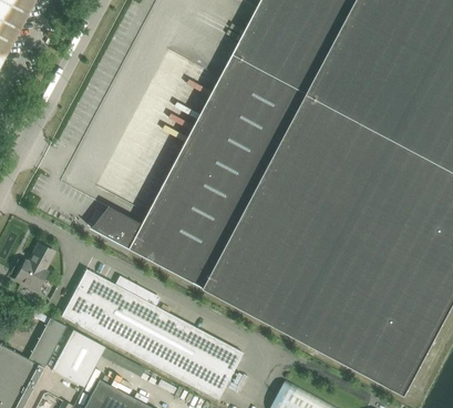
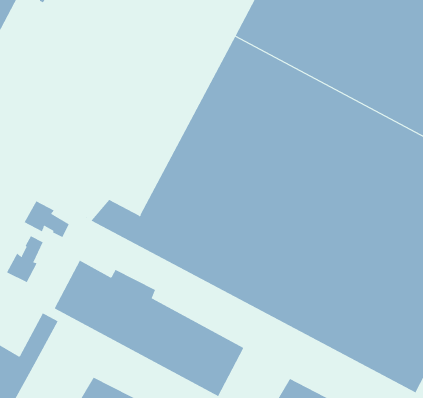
building: none -> [24,200,70,238]
building: [51,329,104,387] -> none

